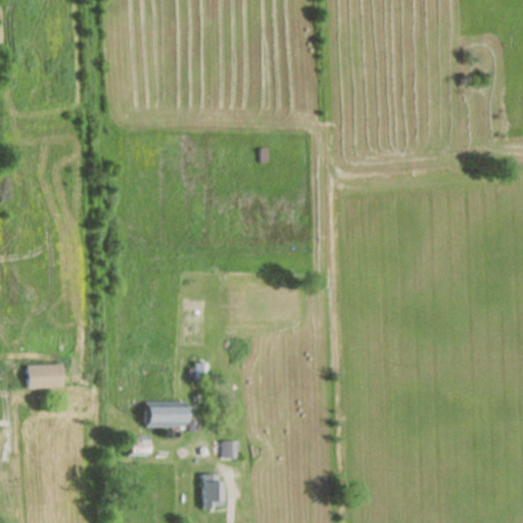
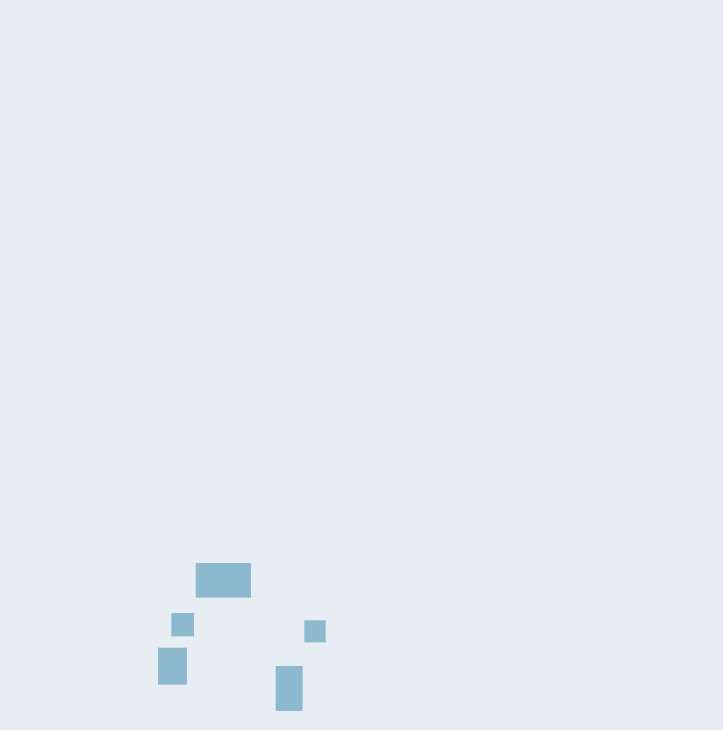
building: [27,365,63,388] -> none
building: none -> [157,647,188,685]

